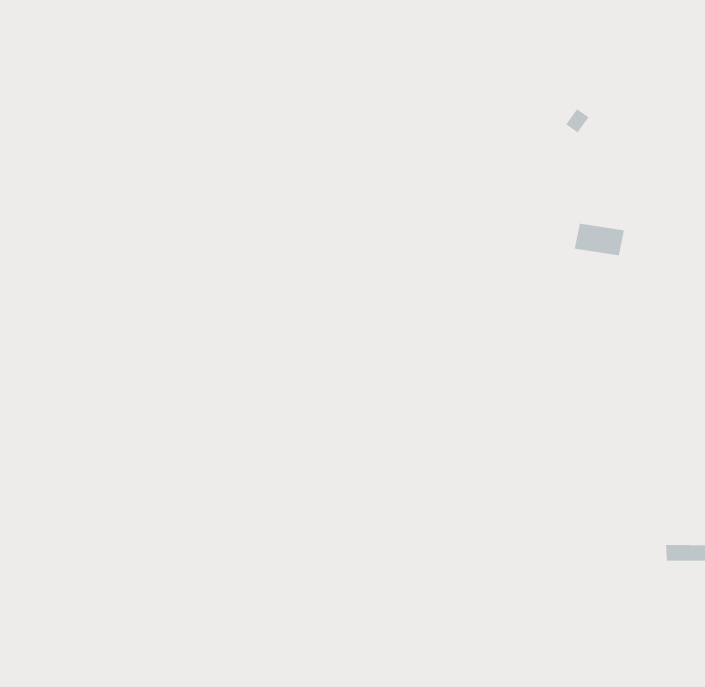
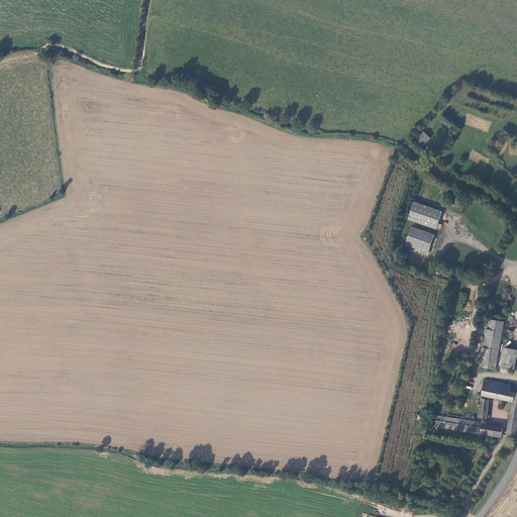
building: none -> [405,228,434,252]

